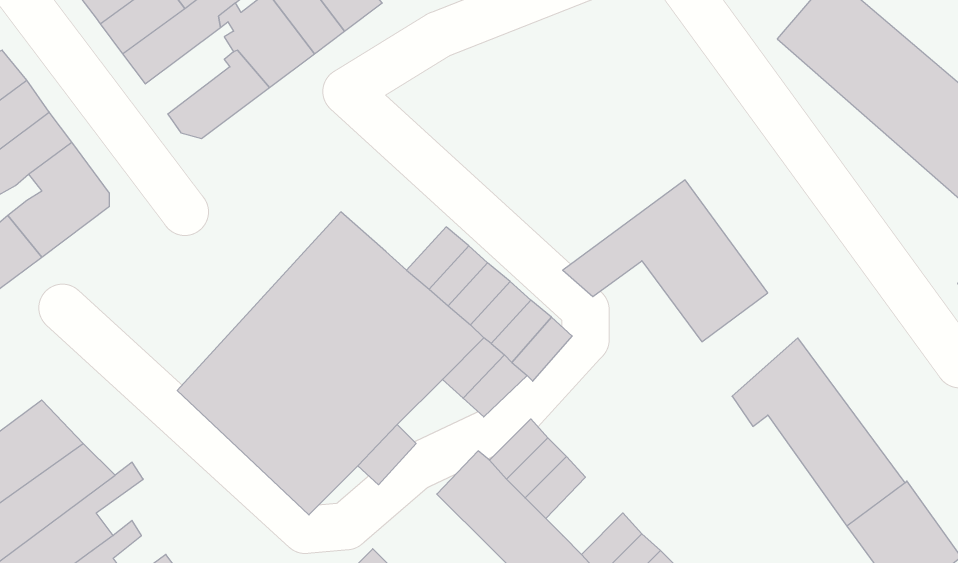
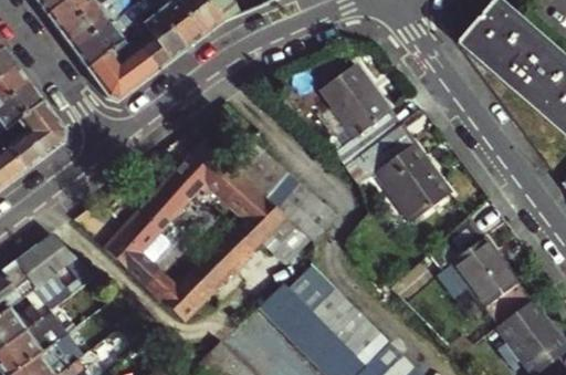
building: none -> [86,31,138,85]
building: none -> [318,62,403,177]
building: none -> [25,235,97,298]

